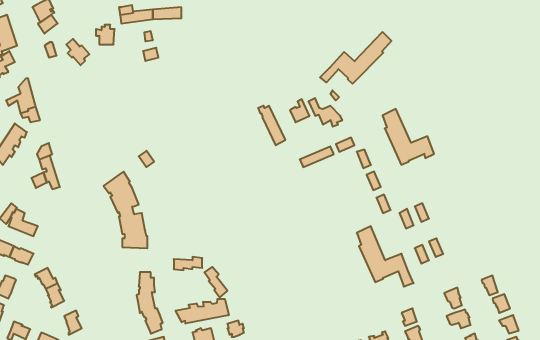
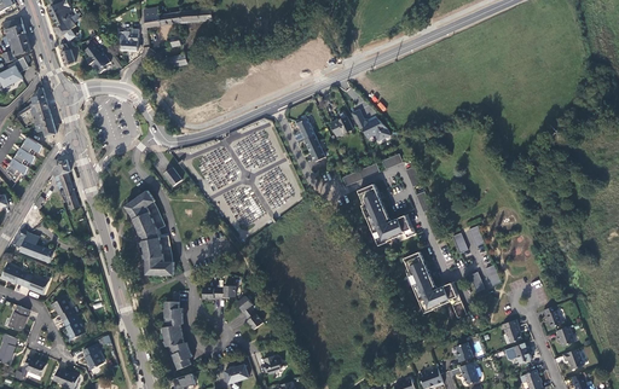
building: [320,32,391,84] -> none
building: [383,109,434,165] -> [359,184,416,245]
building: [176,299,229,324] -> none

